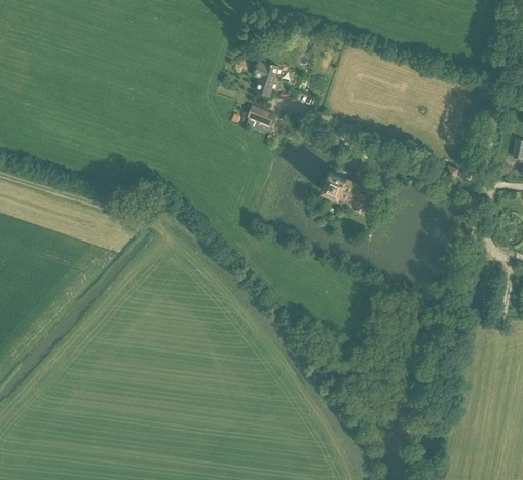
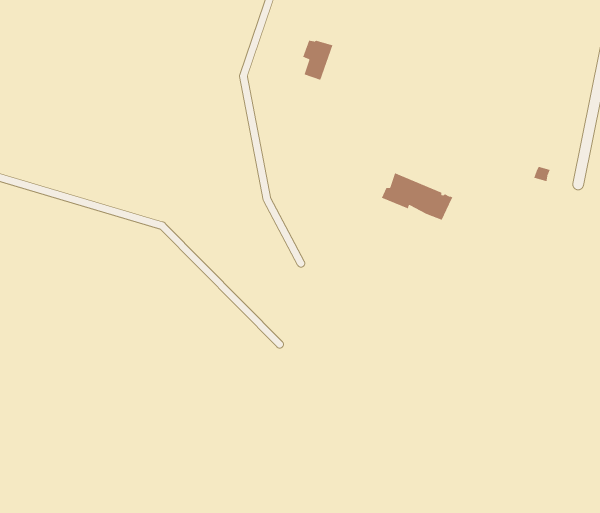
building: [245,104,275,134] -> none

